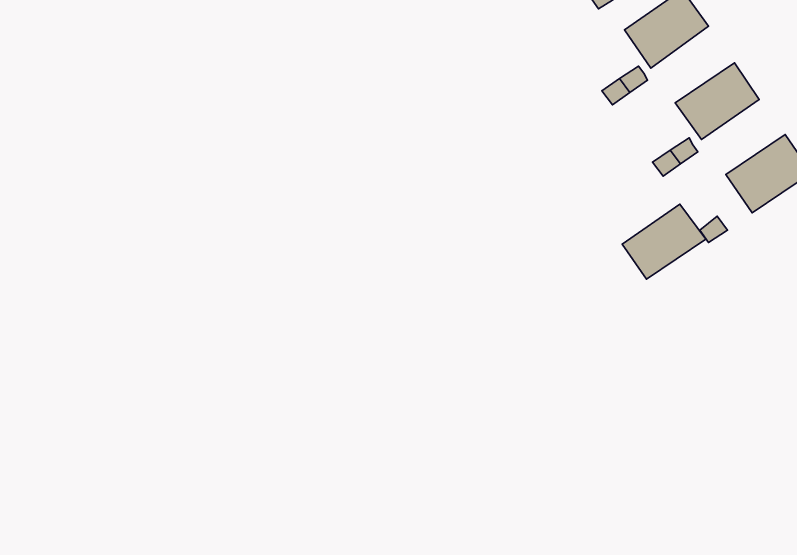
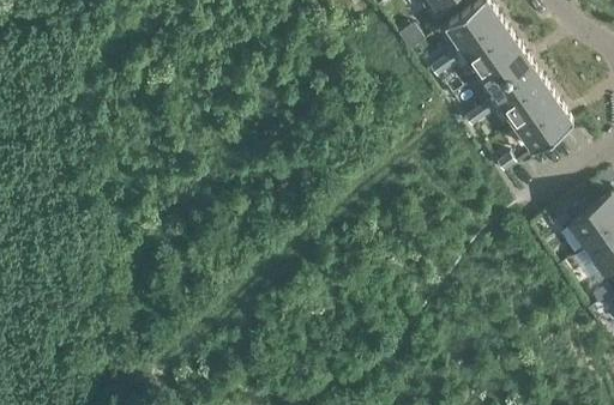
building: none -> [464,25,522,78]
building: [622,204,706,279] -> [499,75,556,127]

